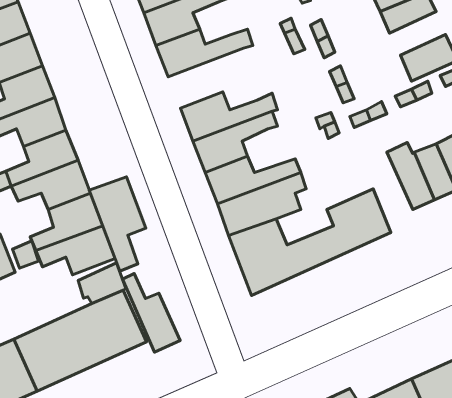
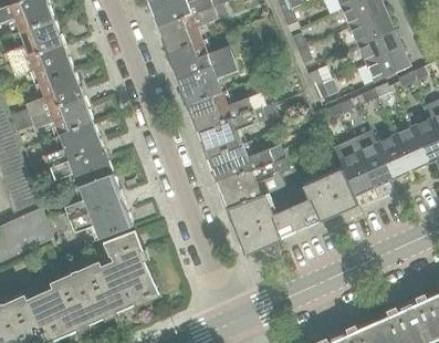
building: none -> [356,24,401,60]
building: none -> [177,54,242,103]
building: none -> [335,138,375,193]
building: [89,177,146,271] -> none
building: [122,274,180,352] -> none

